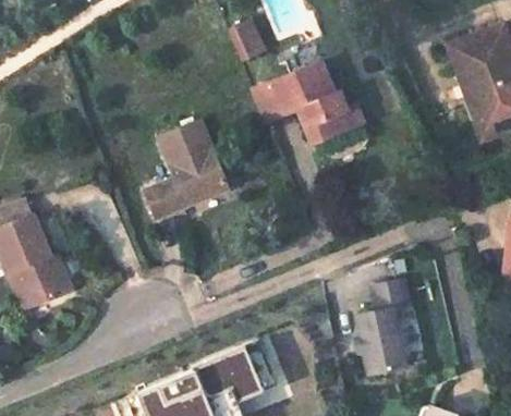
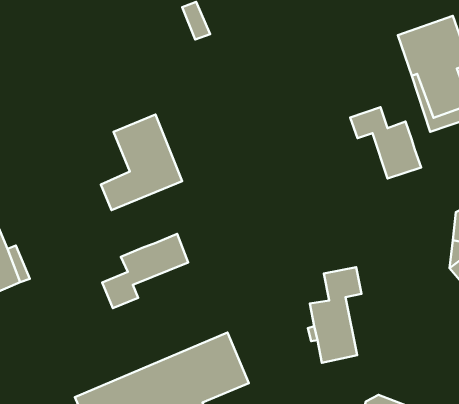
building: [253,61,365,142] -> none
building: none -> [350,107,421,178]
building: none -> [102,234,188,308]

